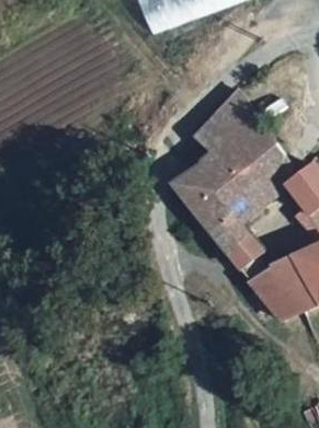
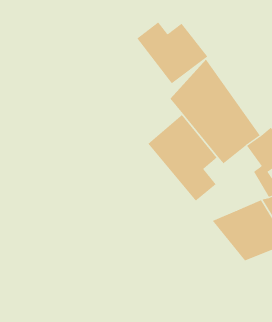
building: none -> [137,21,208,84]
building: [225,232,272,274] -> none

